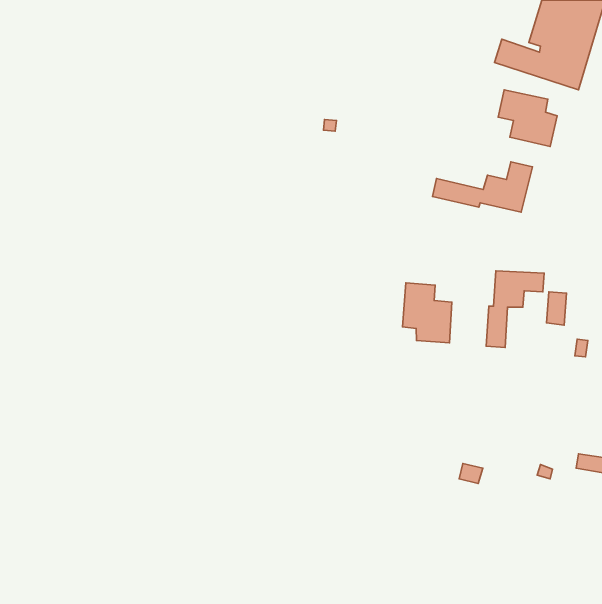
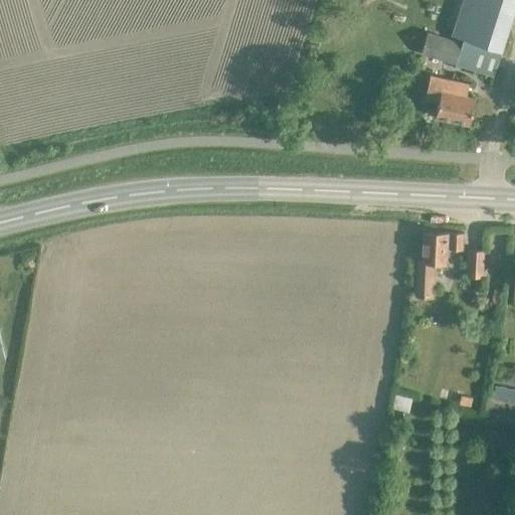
building: [432,162,533,212] -> none
building: [402,283,452,343] -> none

